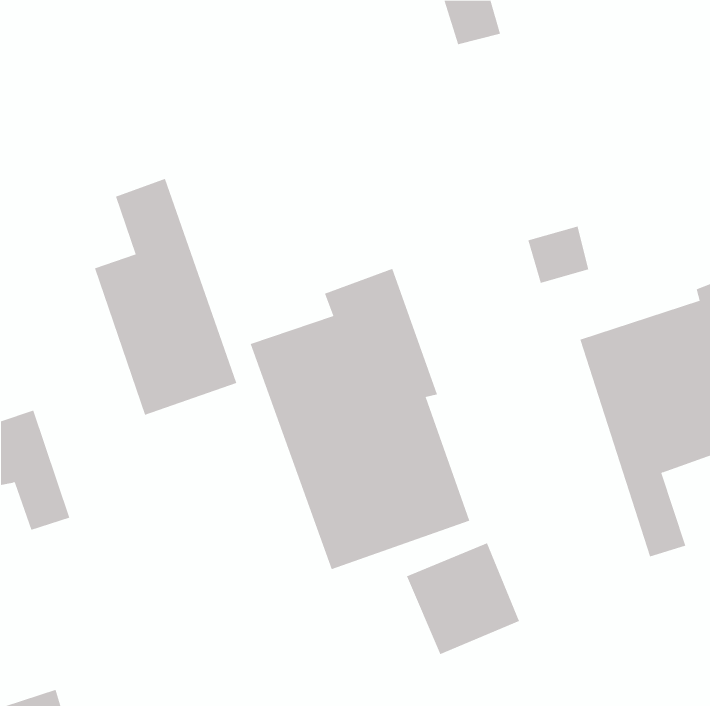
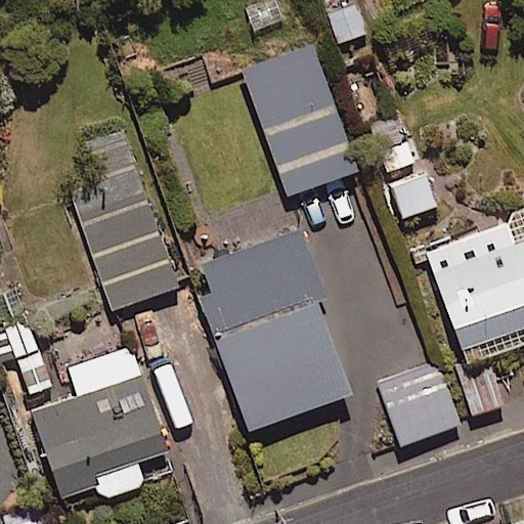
building: none -> [246,49,357,194]
building: none -> [30,351,166,496]
building: [406,543,520,655] -> [380,368,463,450]

